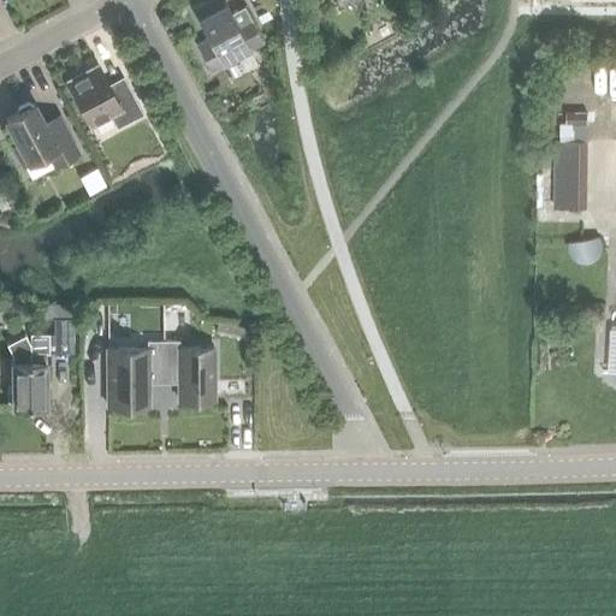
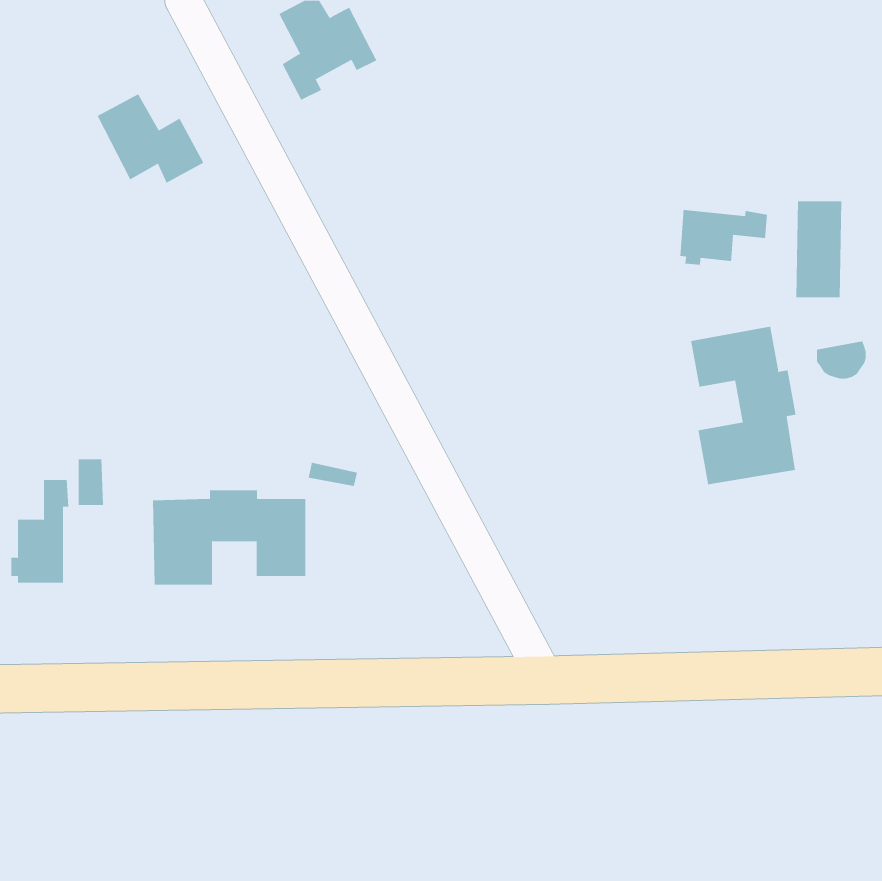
building: [6,103,79,168] -> none
building: none -> [680,209,767,266]
building: none -> [690,326,796,485]

